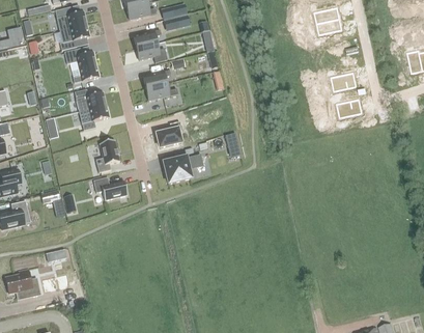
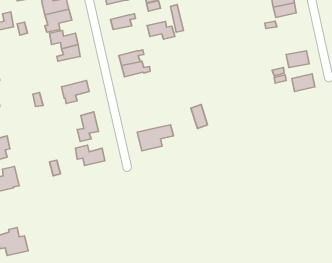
building: [136,43,167,62] -> [147,22,175,39]
building: [74,88,106,111] -> none
building: [156,121,181,147] -> none

